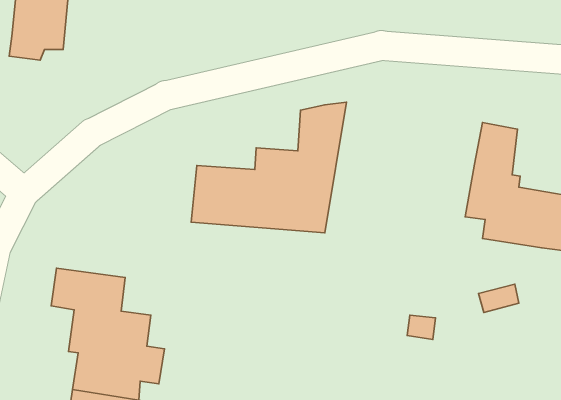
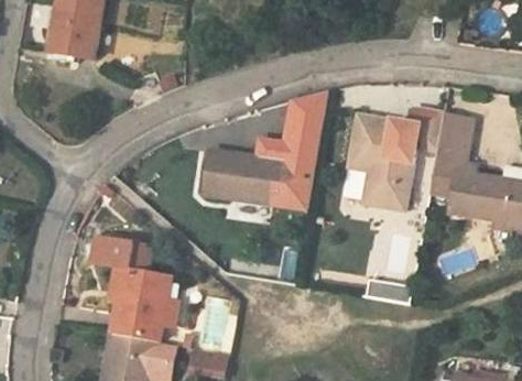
building: none -> [341,110,443,210]

